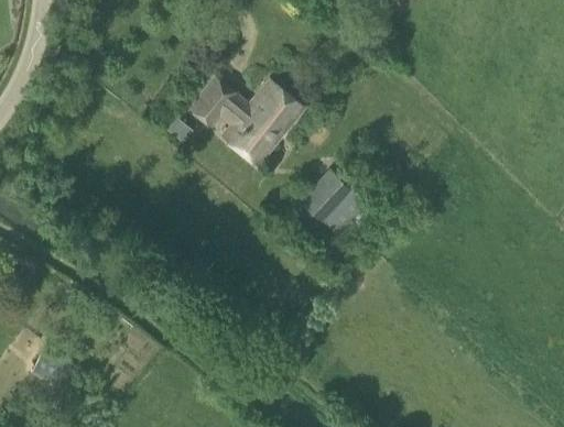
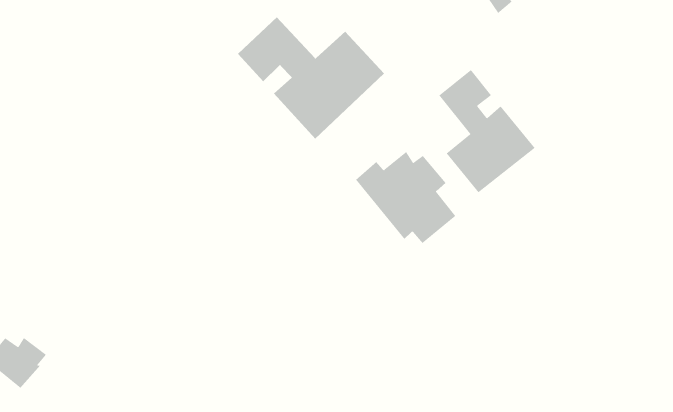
building: none -> [438,69,536,193]

